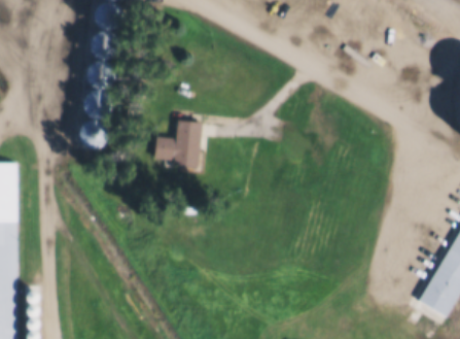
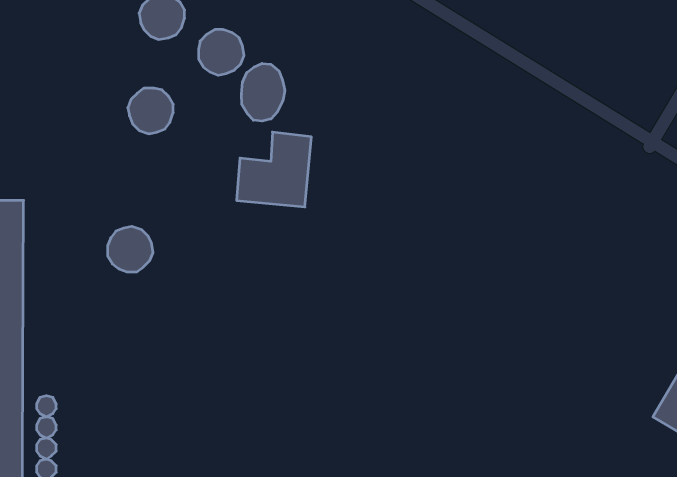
building: [89,62,117,91] -> [199,30,244,75]
building: none -> [242,63,285,121]
building: [81,121,110,149] -> [108,226,153,272]

